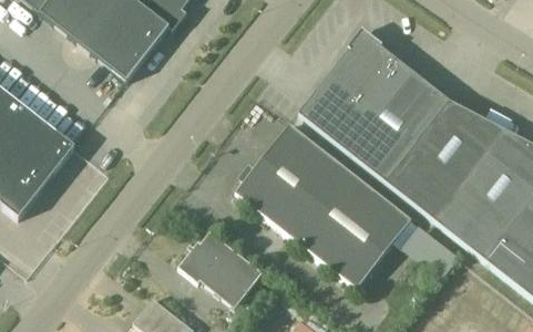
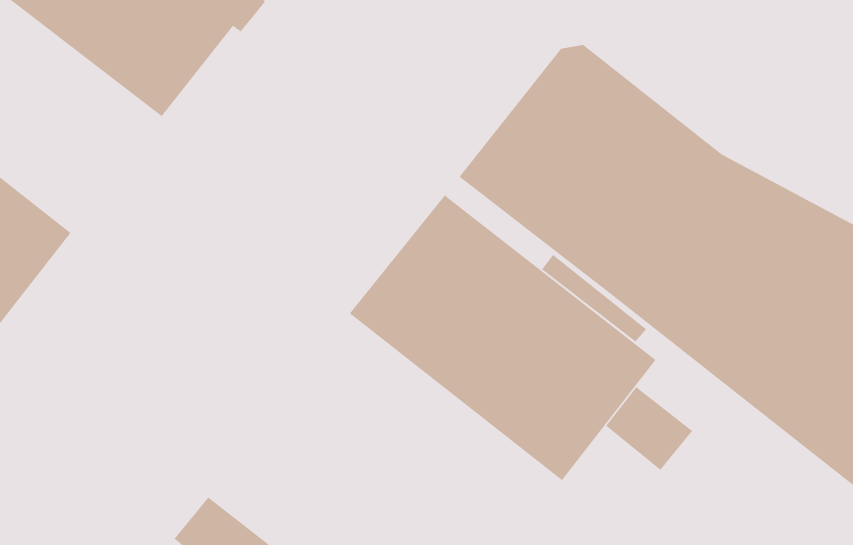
building: [177,229,263,305] -> none
building: none -> [605,386,693,471]

